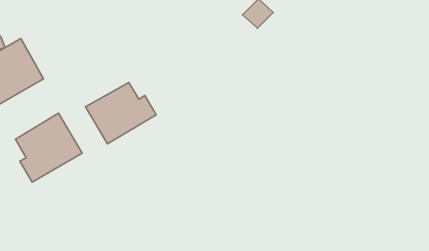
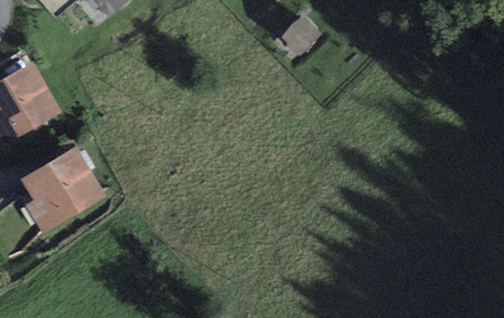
building: [86,83,156,144] -> none

